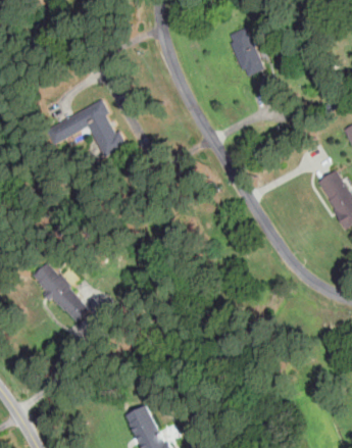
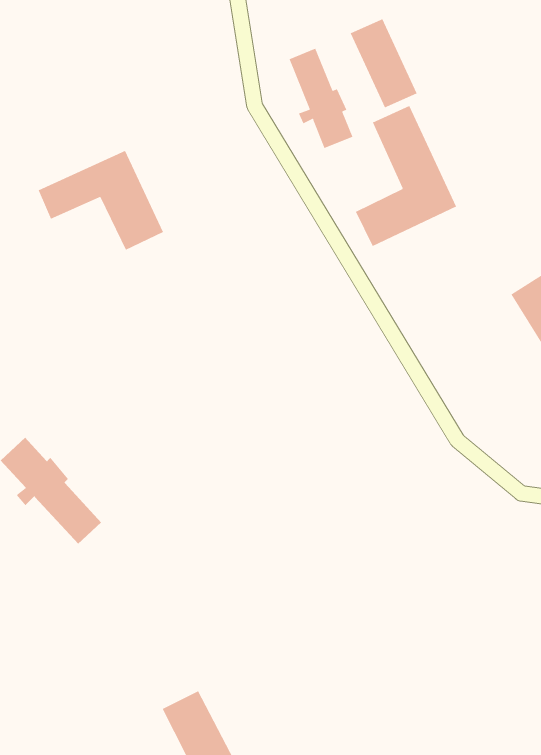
building: none -> [289,48,353,149]
building: none -> [355,105,457,247]

